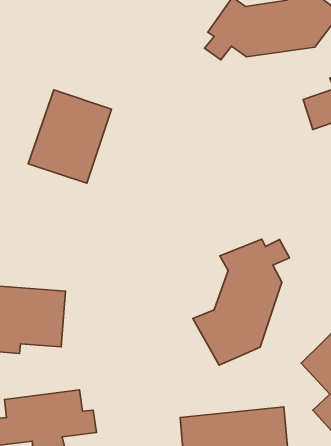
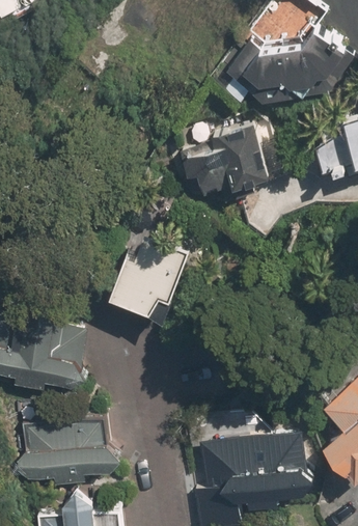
building: none -> [176,127,269,195]
building: [28,90,112,183] -> [113,223,194,313]
building: [193,239,290,365] -> none

